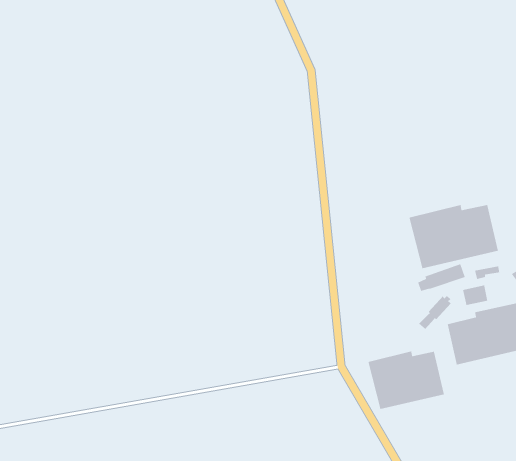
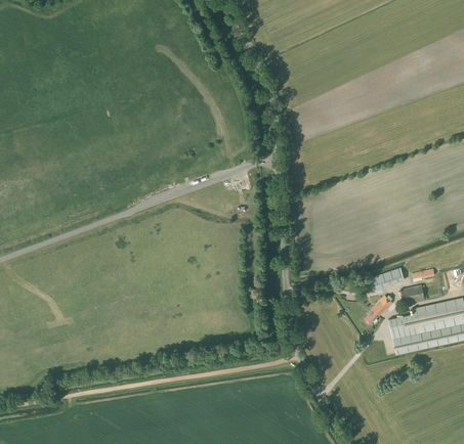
building: [409,204,499,269] -> none
building: [367,350,445,410] -> none

